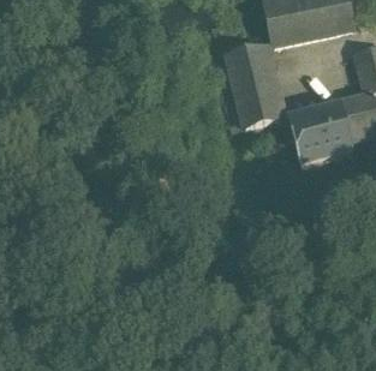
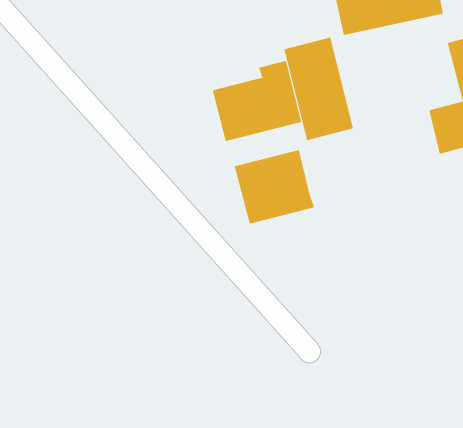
building: none -> [212,60,302,142]
building: [288,103,352,162] -> [234,149,315,224]

